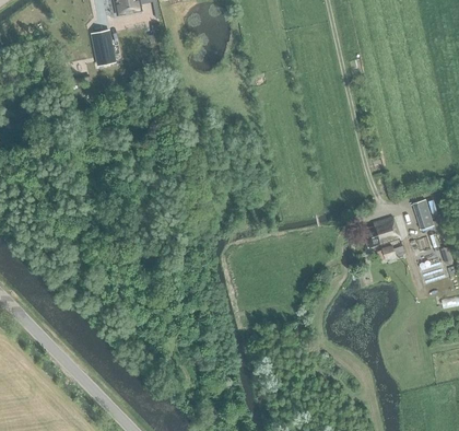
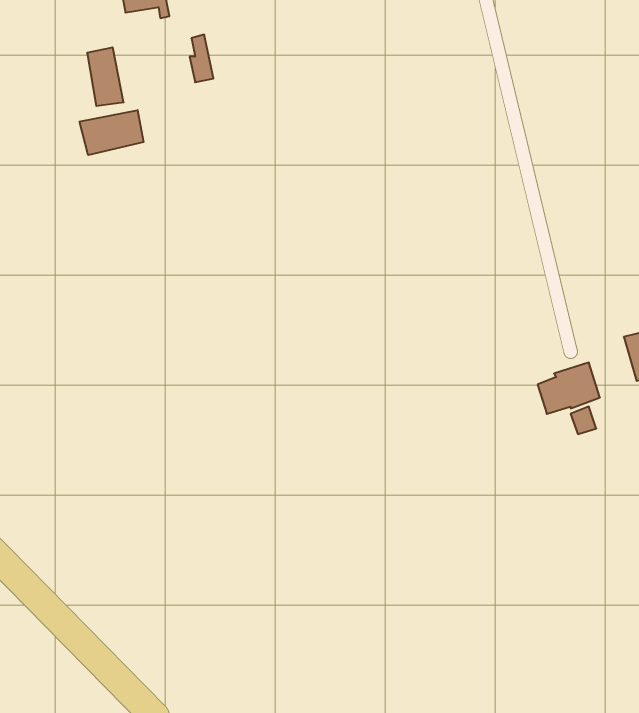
building: none -> [80,110,144,155]

